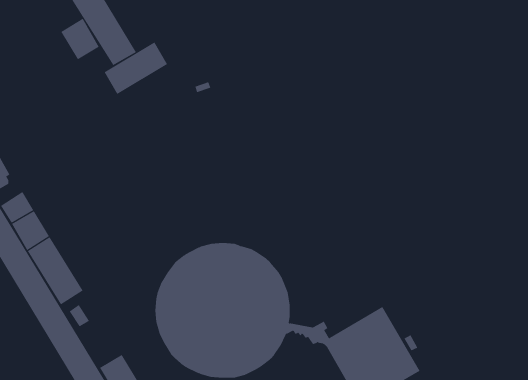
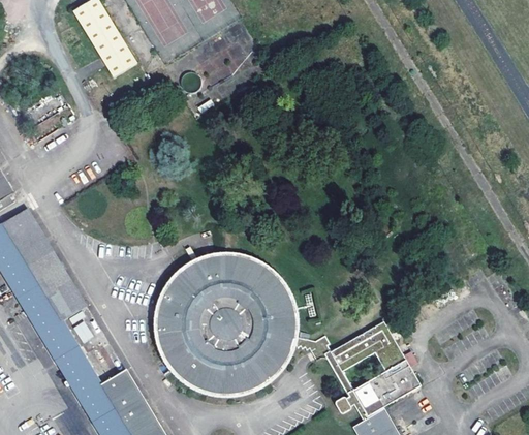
building: [61,18,100,60] -> none
building: [104,42,168,95] -> none

